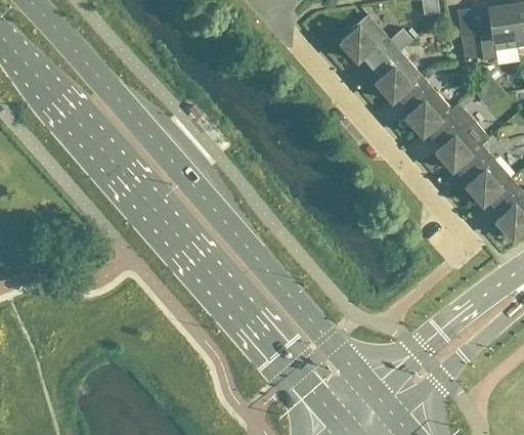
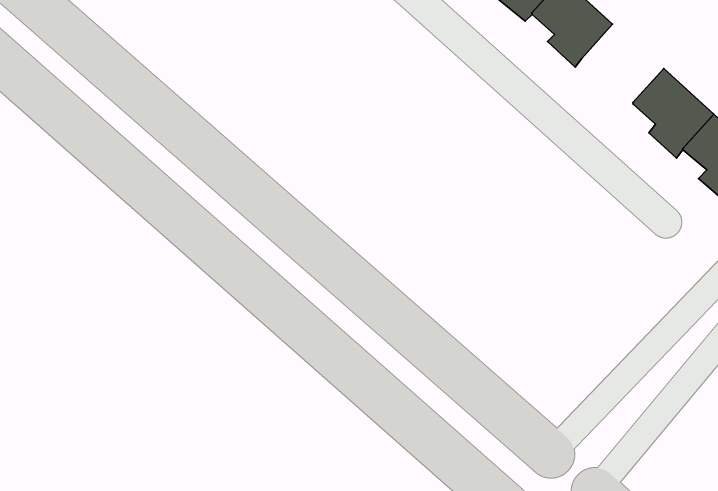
building: [426,103,487,171] -> none

